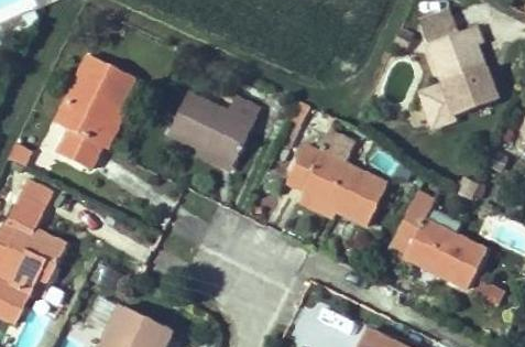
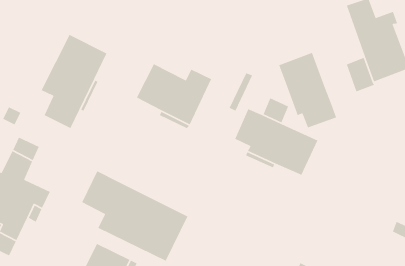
building: none -> [278,52,337,129]
building: [389,192,486,289] -> none
building: none -> [81,170,188,262]

